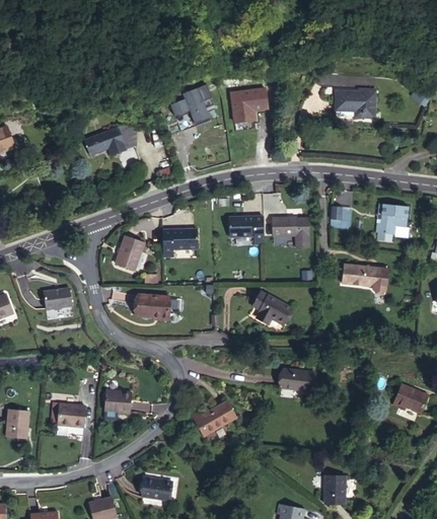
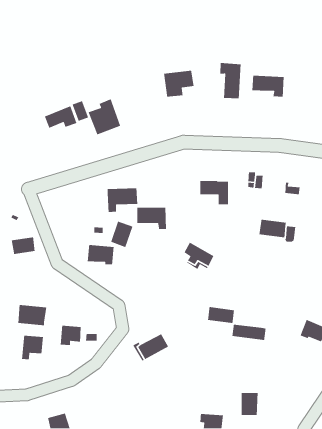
building: none -> [219,62,241,99]
building: [169,88,210,133] -> [88,98,121,135]
building: [380,204,408,226] -> none
building: [228,215,265,242] -> [137,207,167,230]
building: [116,236,144,270] -> [110,220,134,248]
building: none -> [18,304,47,326]
building: none -> [231,324,267,341]
building: [143,477,173,500] -> none

